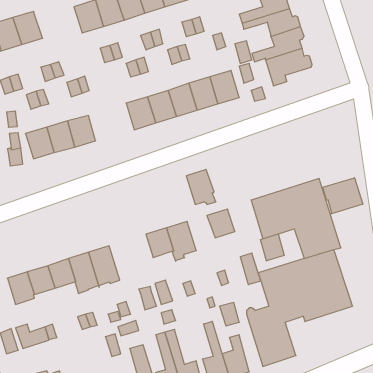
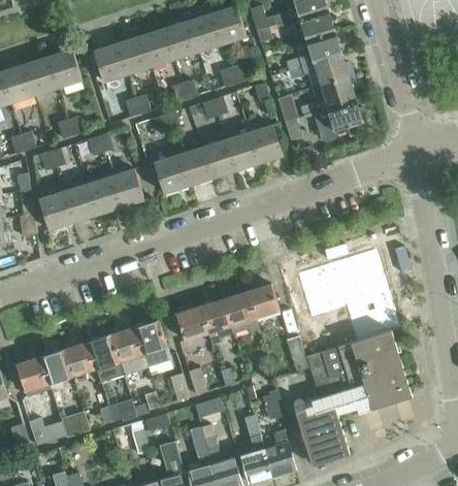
building: none -> [47,50,81,89]
building: none -> [110,170,143,206]
building: [186,169,216,204] -> [224,292,258,332]
building: [323,178,363,214] -> none
building: [260,234,284,261] -> none
building: none -> [134,320,170,366]

